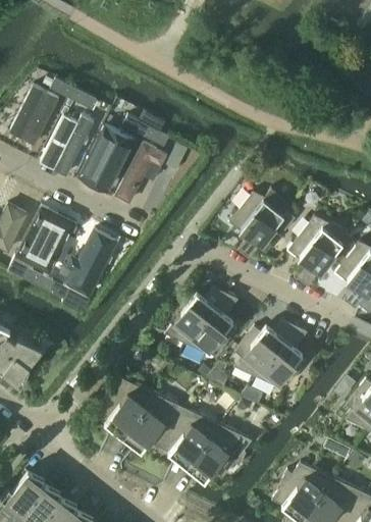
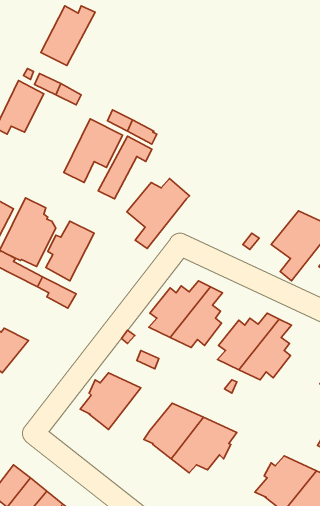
building: [41,116,96,176] -> [41,6,95,66]
building: [230,189,294,259] -> [127,179,190,248]
building: [124,396,189,452] -> none

